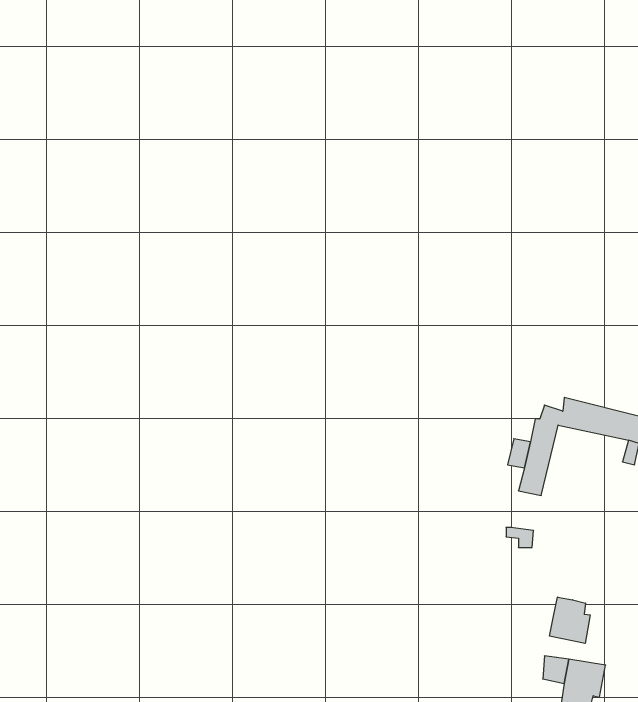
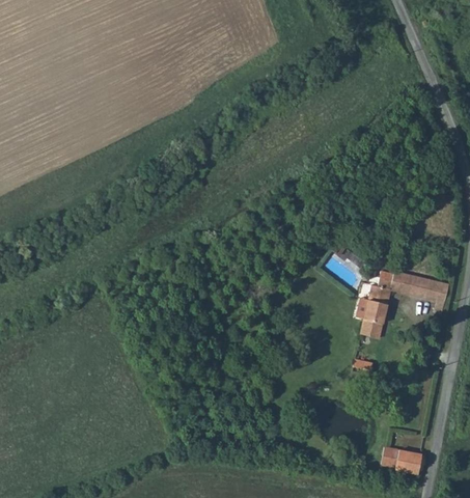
building: [550,597,590,643] -> none

